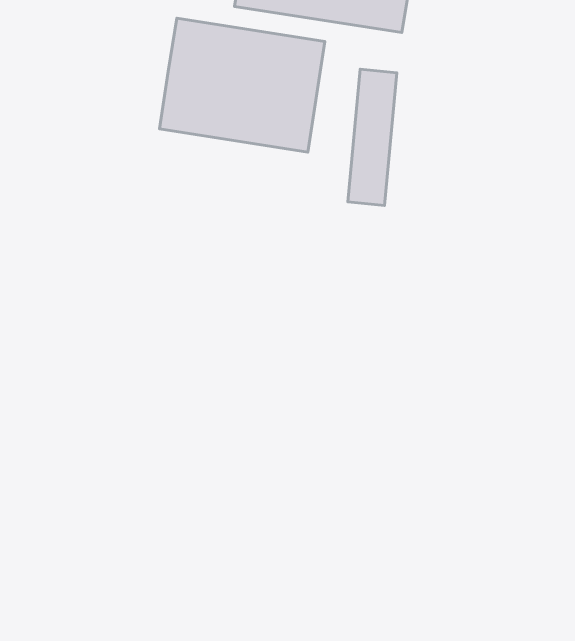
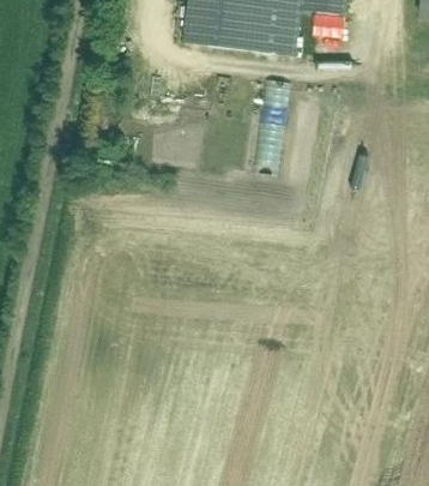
building: [160,18,325,152] -> none

